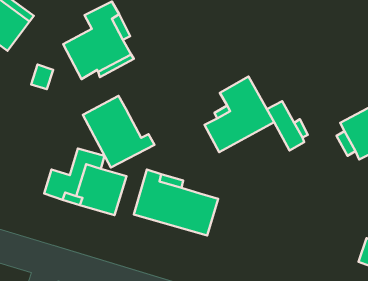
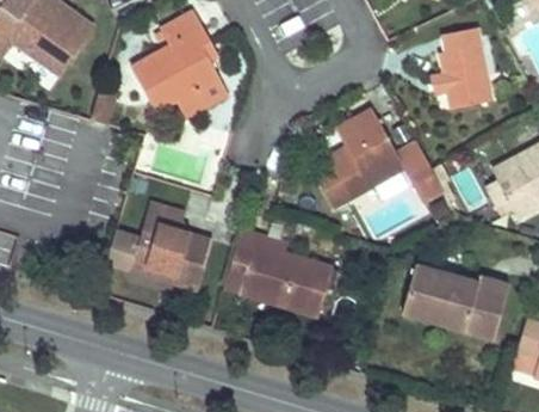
building: none -> [432,26,492,107]
building: [83,96,154,168] -> none
building: none -> [402,265,509,338]

